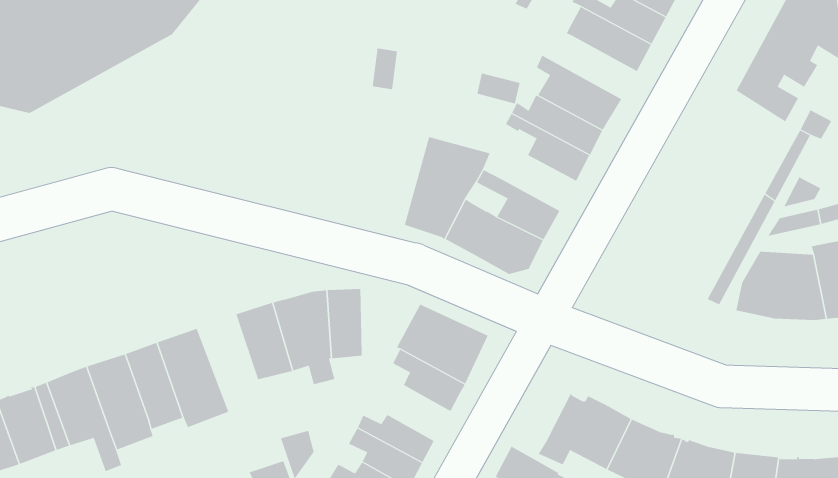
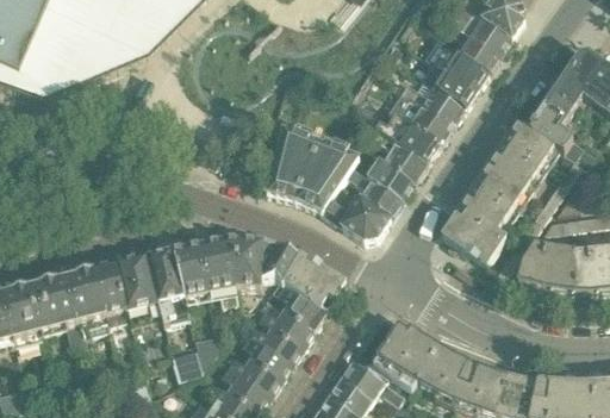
building: none -> [400,79,465,126]
building: none -> [442,120,559,264]
building: none -> [266,126,317,199]
building: none -> [366,155,416,199]
building: none -> [259,239,300,282]
building: none -> [145,249,187,322]
building: none -> [259,308,315,349]

